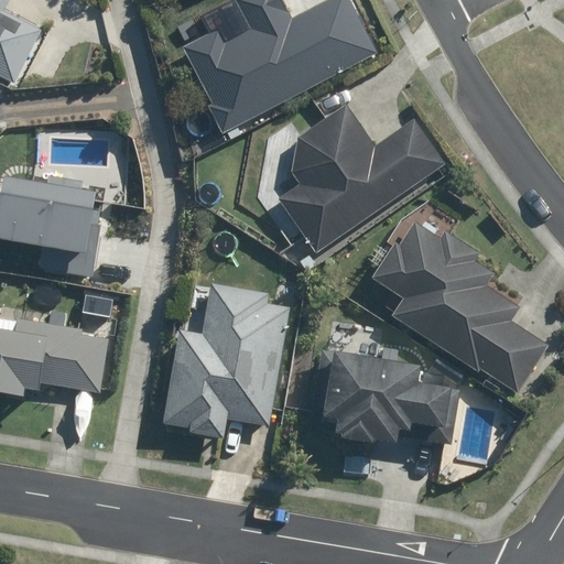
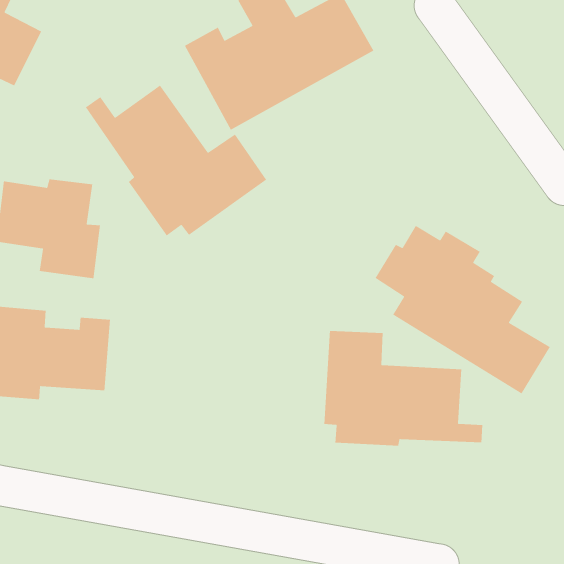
building: none -> [85,84,267,236]
building: [276,104,442,252] -> none
building: [160,282,291,440] -> none

